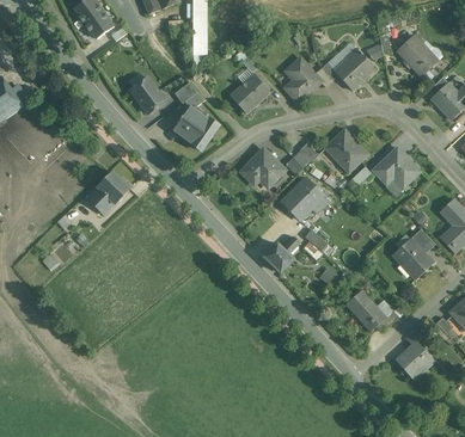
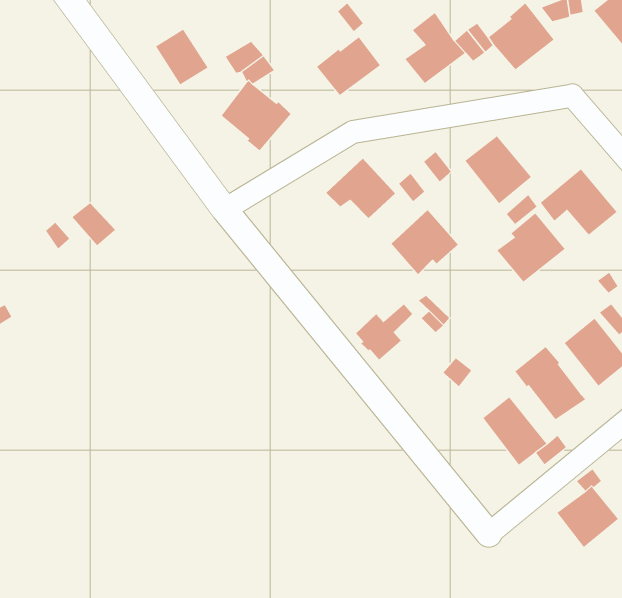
building: [97,172,129,203] -> none
building: none -> [497,213,566,282]
building: none -> [514,346,586,420]

